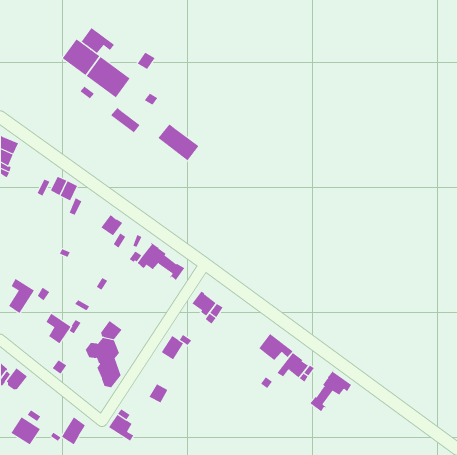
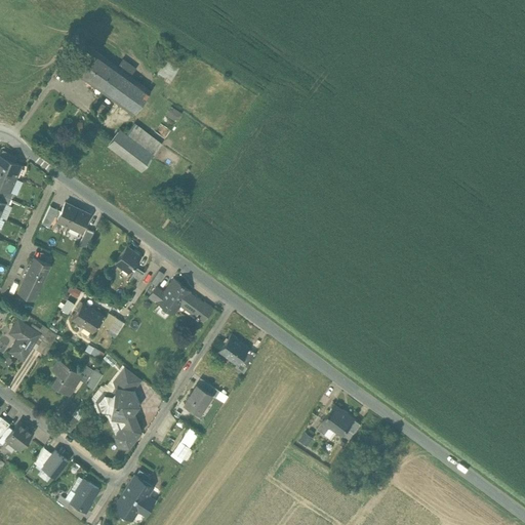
building: [81,27,115,54] -> none
building: [158,123,199,161] -> [107,129,154,172]
building: none -> [17,259,50,302]
building: none -> [72,304,104,333]
building: [258,333,293,361] -> none
building: [310,370,352,412] -> none
building: [11,417,41,445] -> [32,446,67,479]
building: none -> [114,492,150,520]

